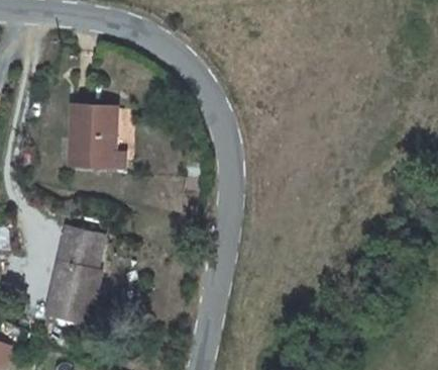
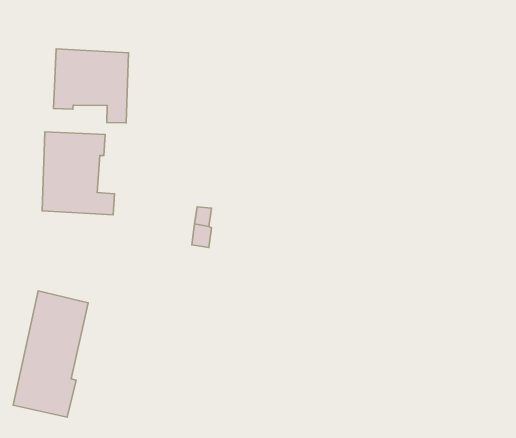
building: none -> [54,49,128,123]

